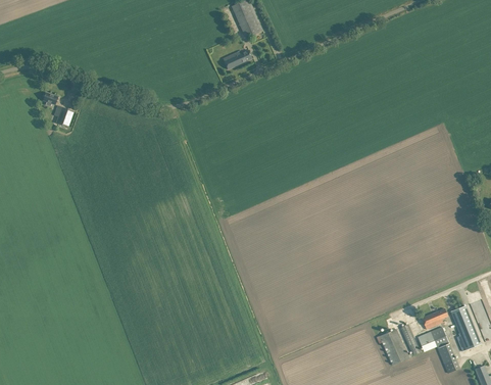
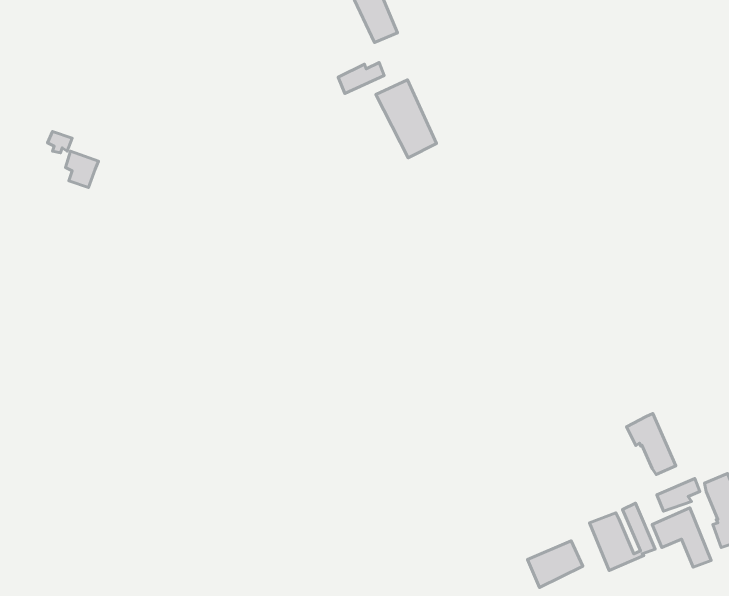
building: none -> [376,80,437,158]
building: none -> [626,413,676,474]
building: none -> [527,541,583,587]

